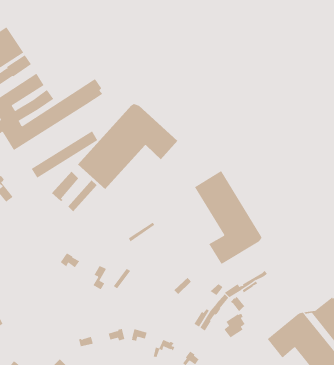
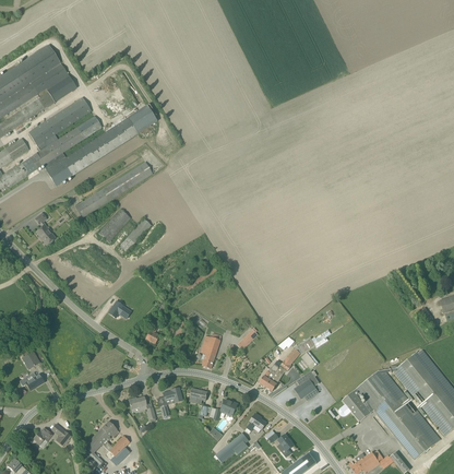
building: [77,103,178,190] -> none
building: [194,170,262,265] -> none
building: none -> [199,333,220,369]

